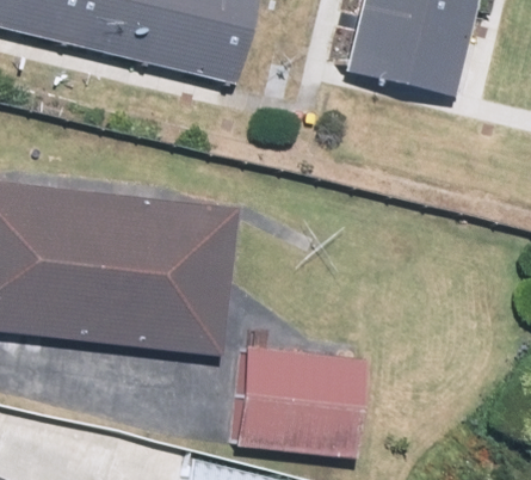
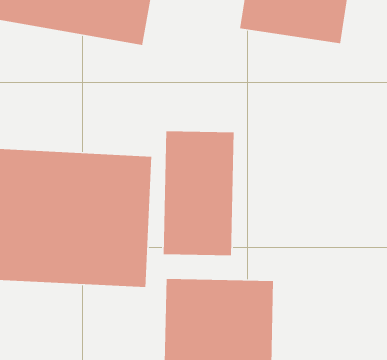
building: none -> [163,130,235,256]

